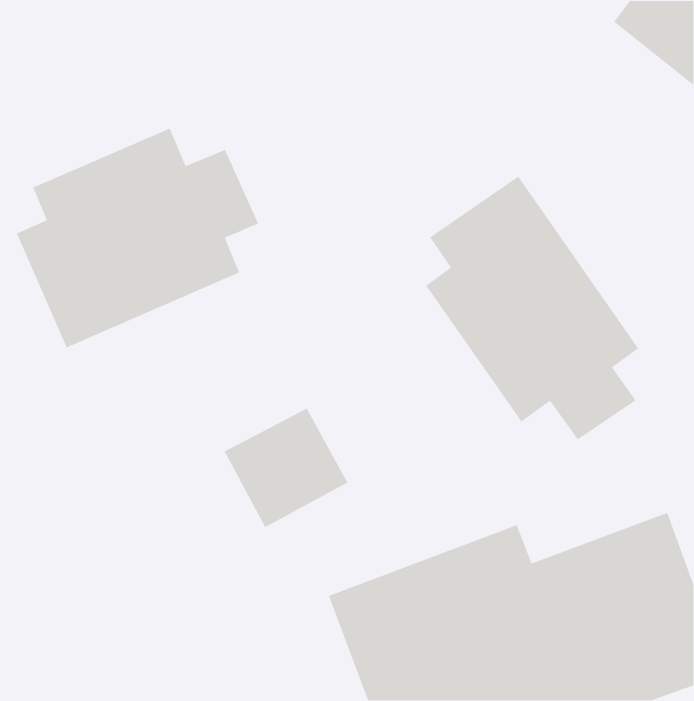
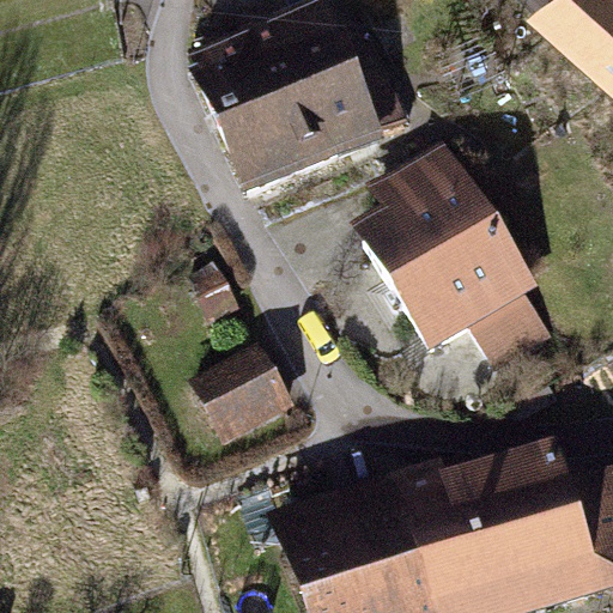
building: none -> [196,13,378,193]
building: [16,127,259,348] -> none

